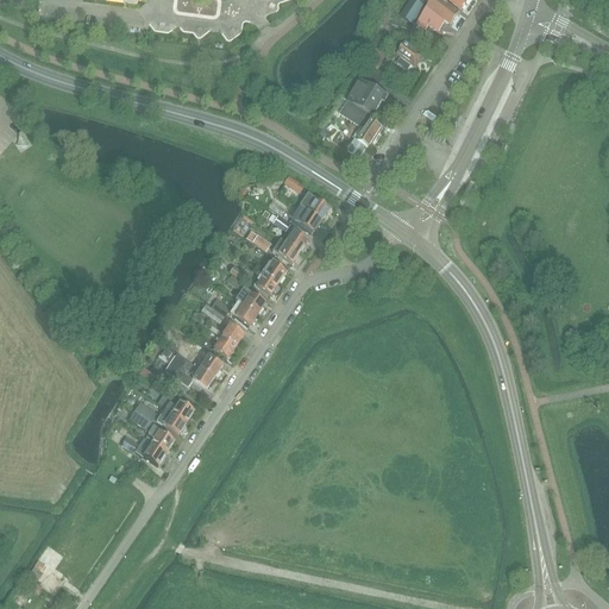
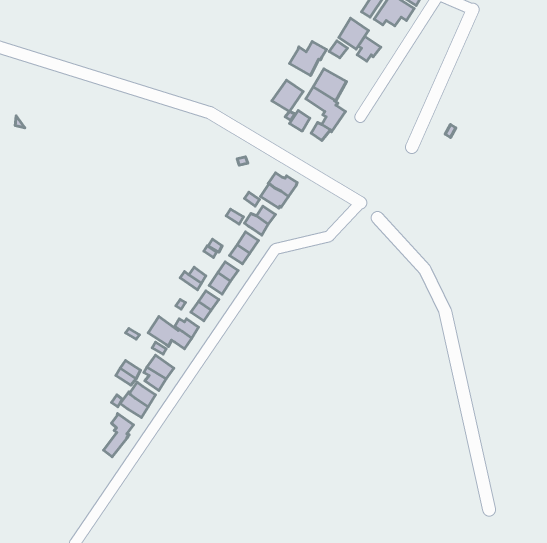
building: none -> [339,18,369,49]
building: none -> [290,42,326,76]
building: none -> [272,80,303,112]
building: none -> [104,413,133,457]

